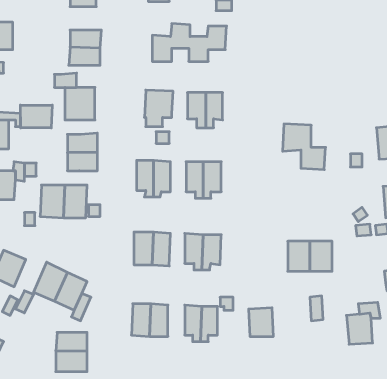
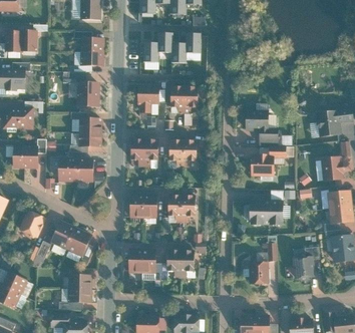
building: [20,105,52,128] -> none
building: none -> [249,148,284,180]
building: [249,308,273,336] -> [248,265,267,287]

